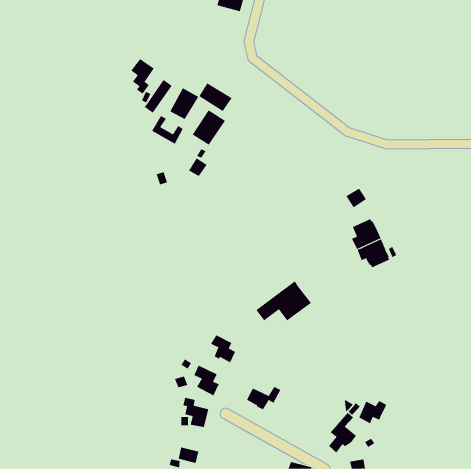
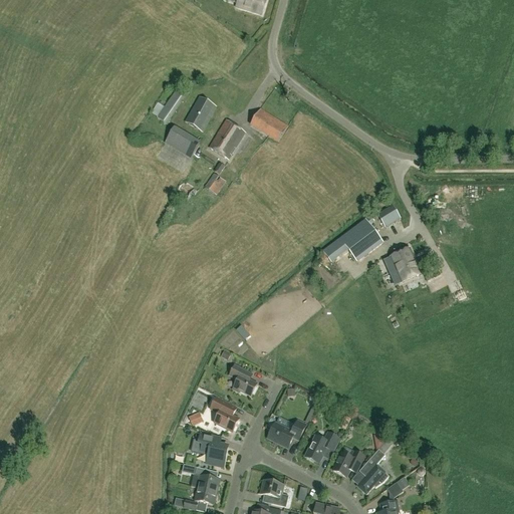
building: [130,58,155,95] -> none
building: [198,82,233,112] -> [251,108,288,141]
building: [255,281,312,321] -> [322,218,383,262]
building: none -> [305,432,339,463]
building: [359,400,387,424] -> [333,451,364,477]
building: none -> [192,466,220,492]
building: none -> [261,480,289,507]

